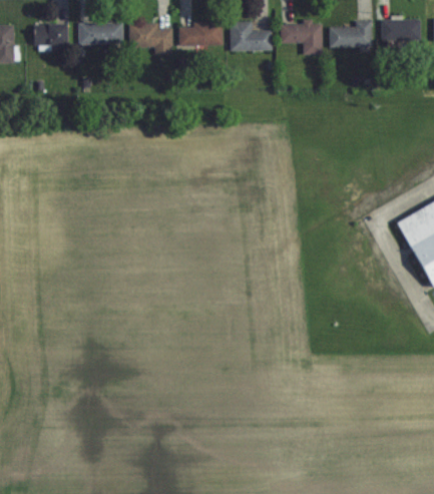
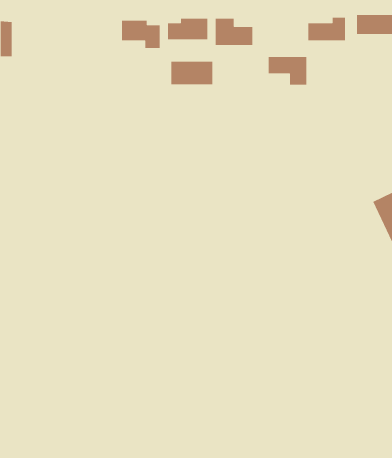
building: [78,24,123,45] -> none
building: [281,24,323,55] -> [268,56,307,85]
building: [34,25,68,46] -> none
building: none -> [170,61,213,85]

